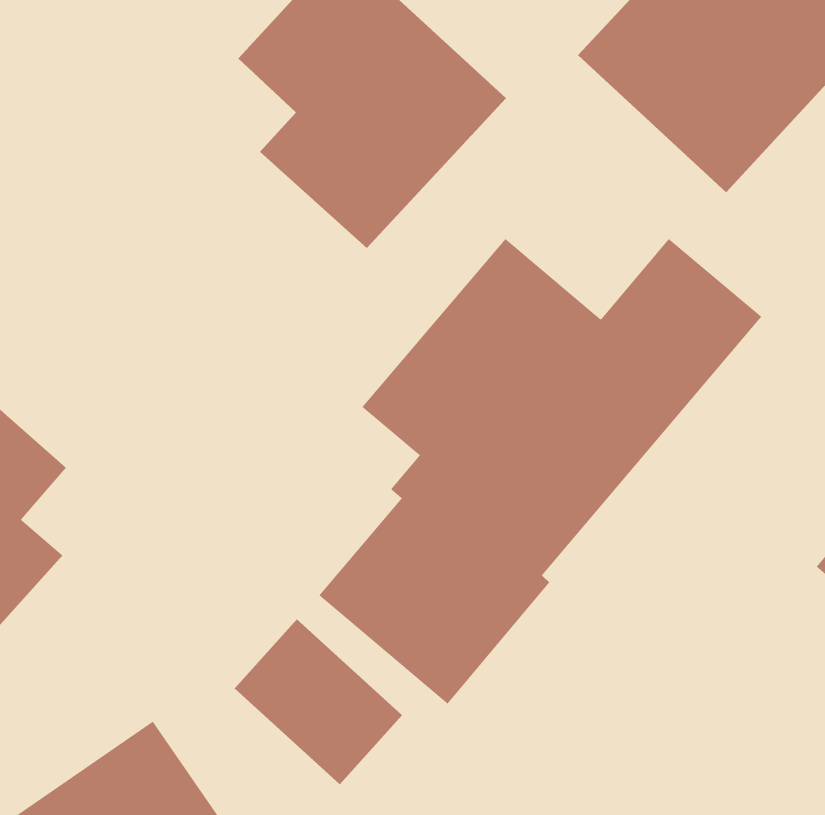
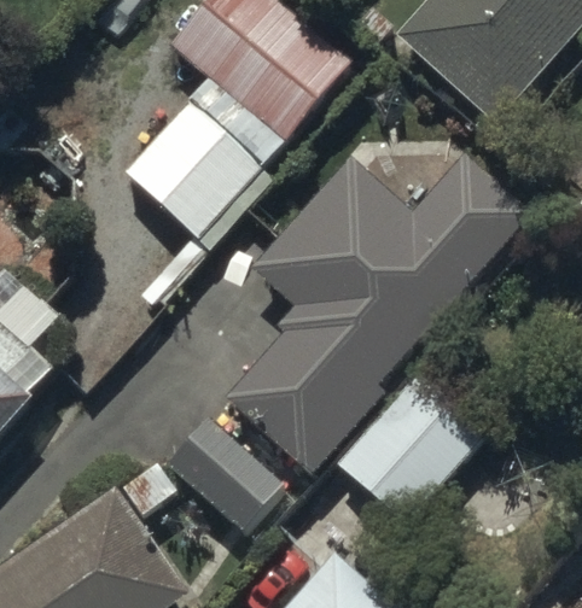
building: none -> [124,103,270,297]
building: none -> [337,372,484,521]

